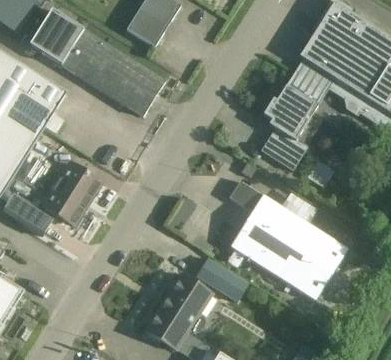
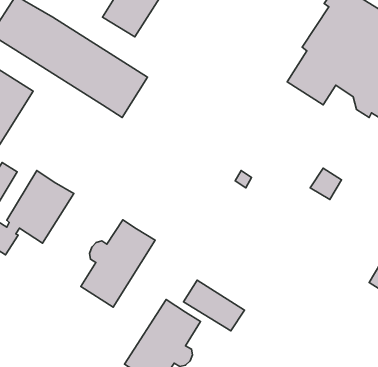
building: [263,85,317,165] -> none
building: [231,181,347,300] -> none
building: none -> [81,220,155,307]

